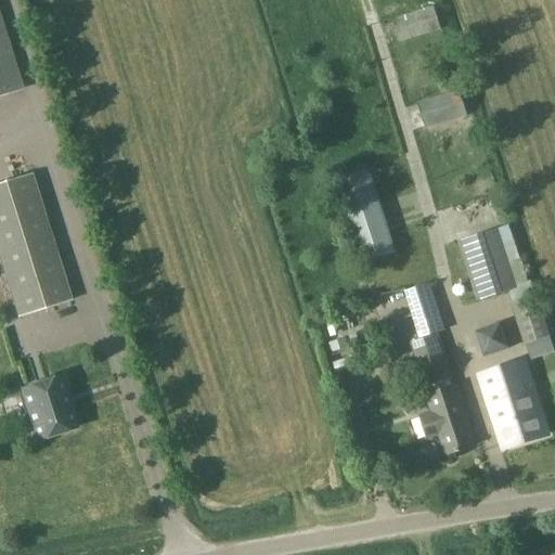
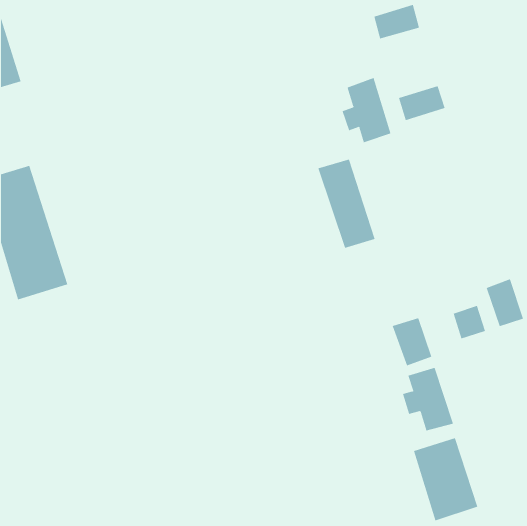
building: none -> [342,77,391,143]
building: [459,227,518,299] -> none
building: [406,284,441,337] -> none
building: [480,361,548,449] -> [413,438,478,521]
building: [20,376,76,438] -> none

